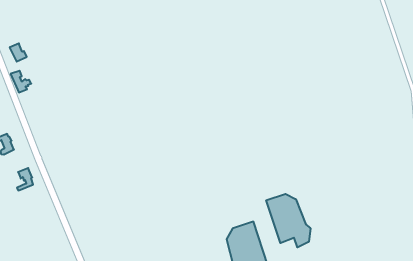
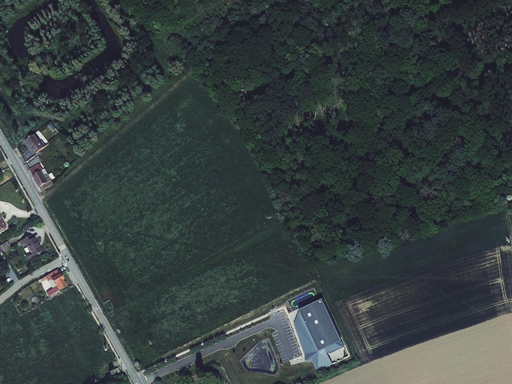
building: [266,194,310,247] -> none

